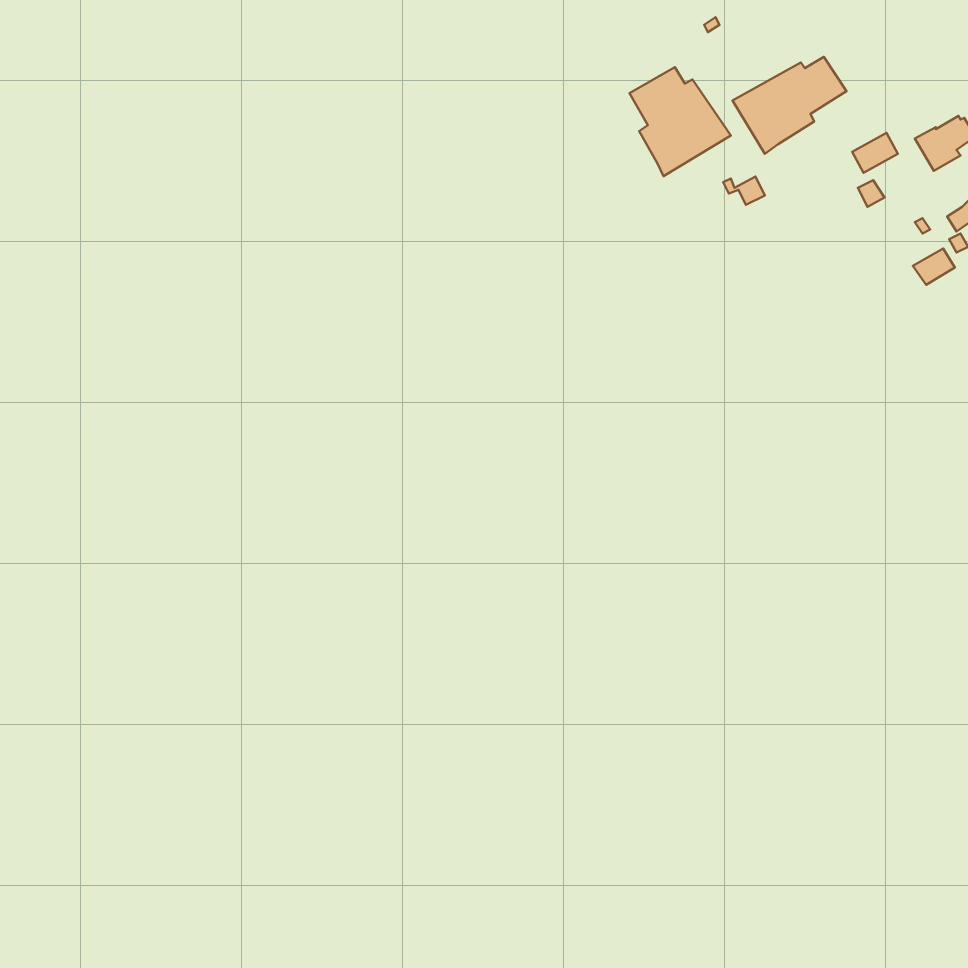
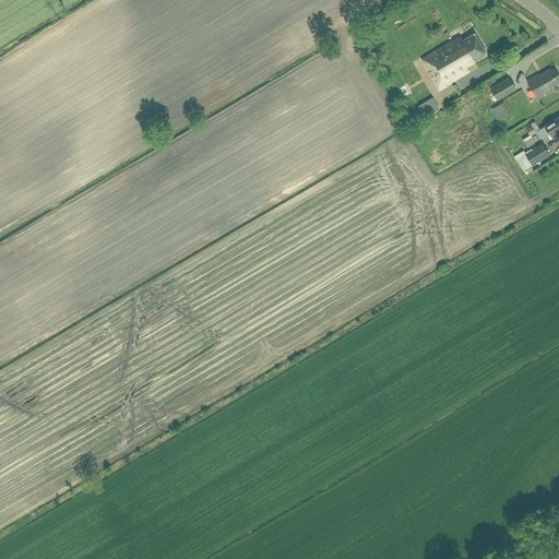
building: [630,67,731,176] -> none

